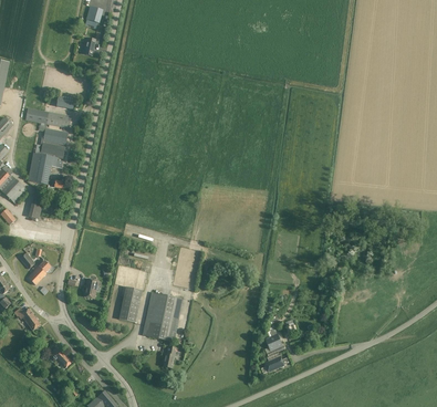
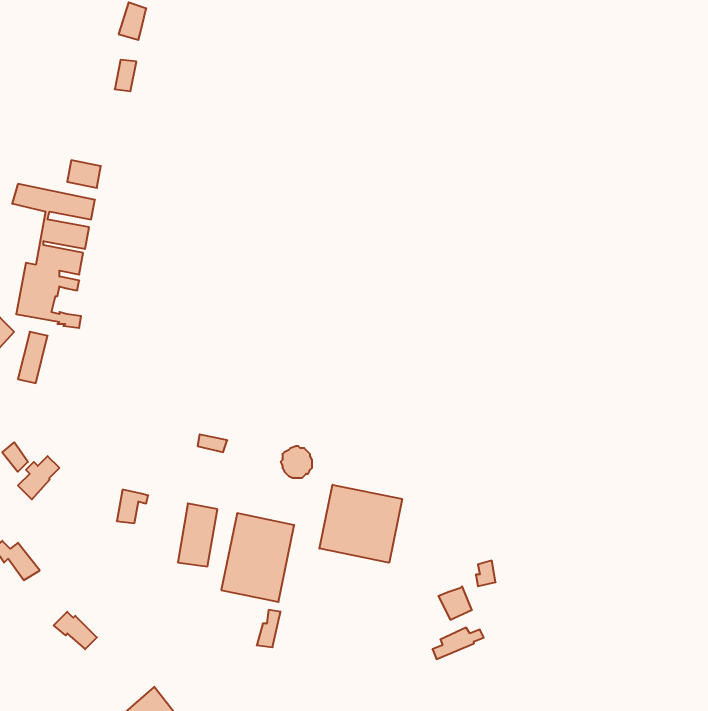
building: none -> [319,485,402,563]

